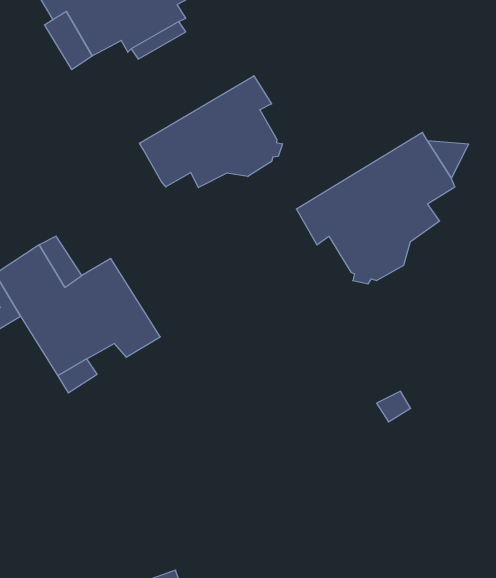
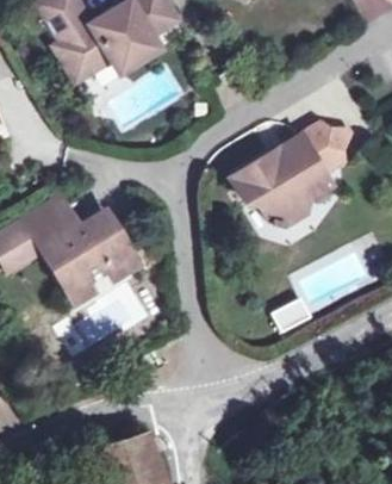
building: [139,76,282,188] -> none

